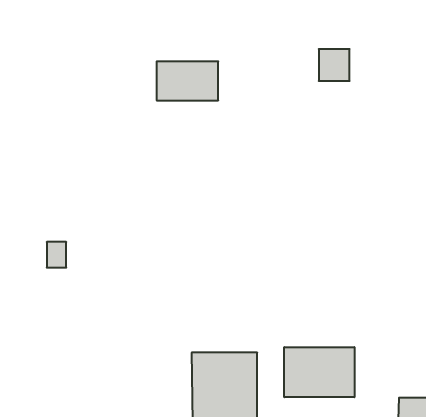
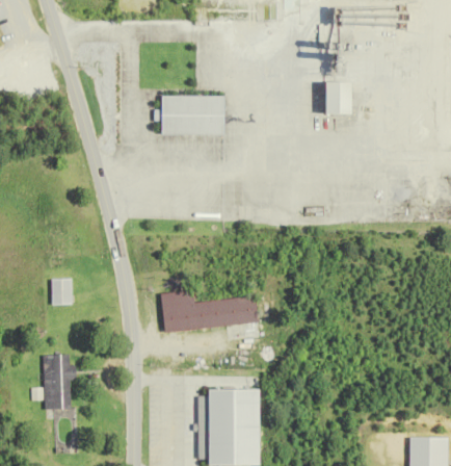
building: none -> [162,290,260,331]
building: none -> [30,355,72,409]
building: [284,347,354,397] -> none

